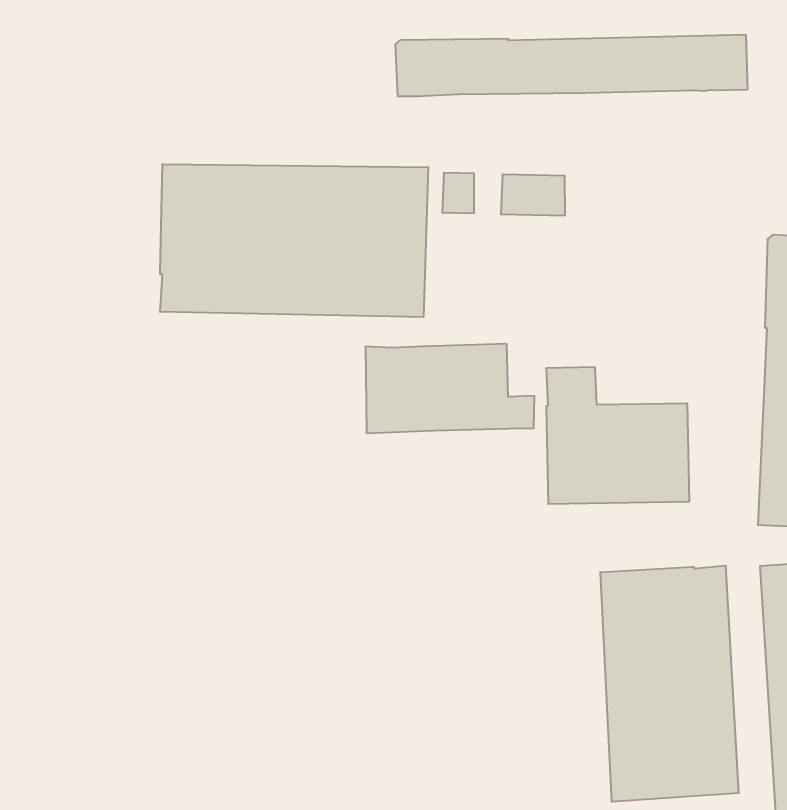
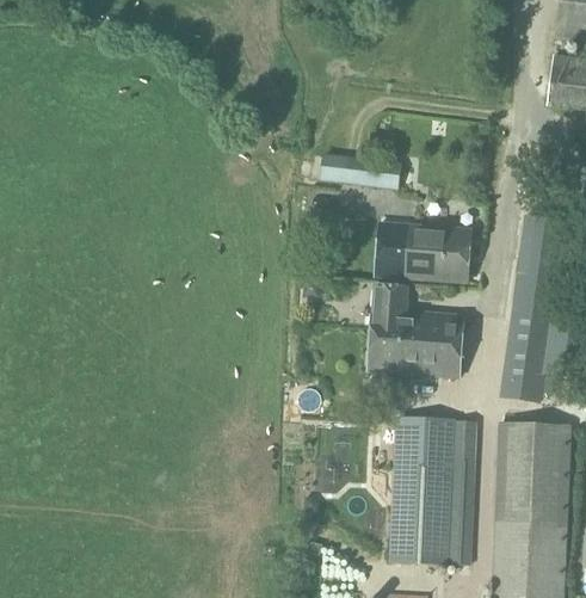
building: [396,35,747,96] -> none
building: [160,164,428,317] -> none
building: [365,344,534,433] -> [376,221,485,283]

